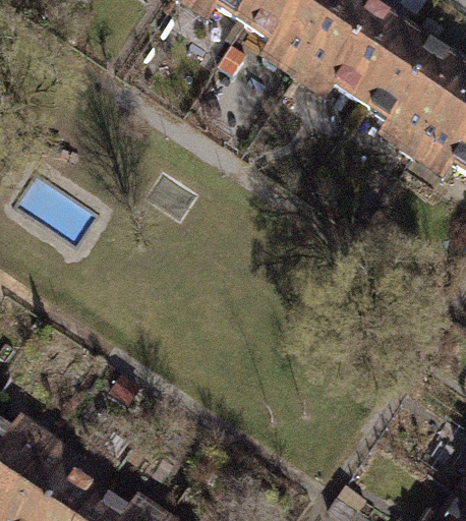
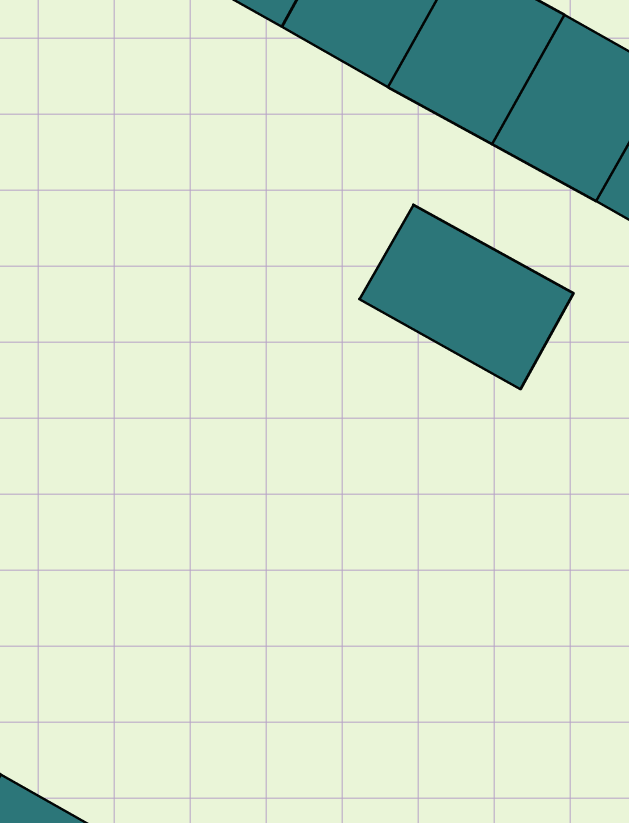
building: none -> [359,205,573,389]

